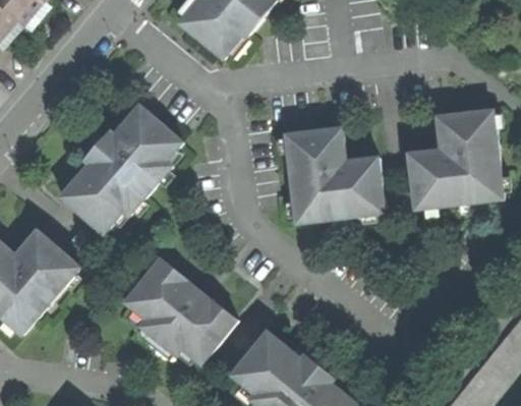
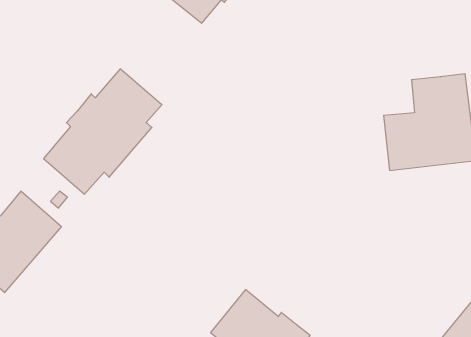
building: [285,127,384,223] -> none
building: [124,258,236,363] -> none

